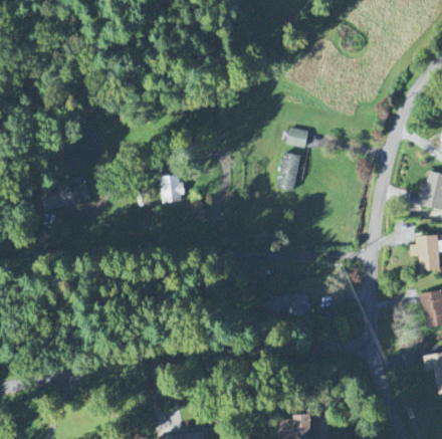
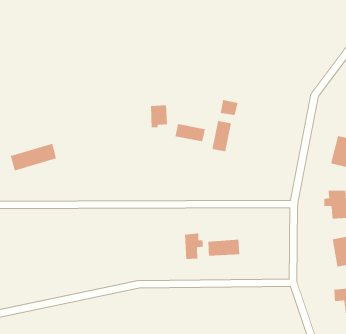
building: none -> [175,123,206,142]
building: [160,174,181,202] -> [150,105,168,128]
building: none -> [184,233,204,260]

